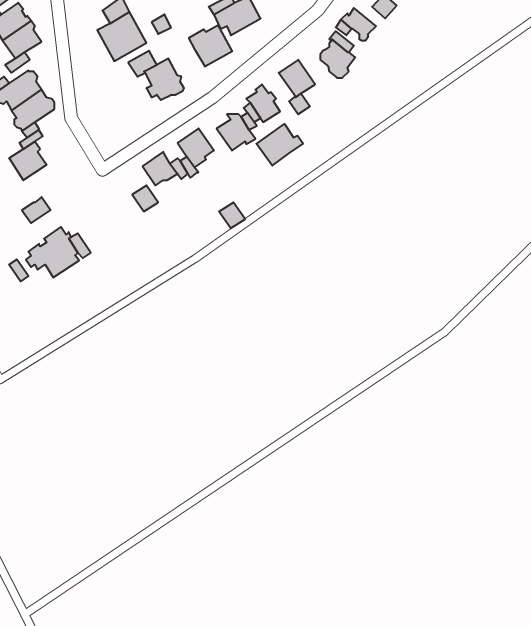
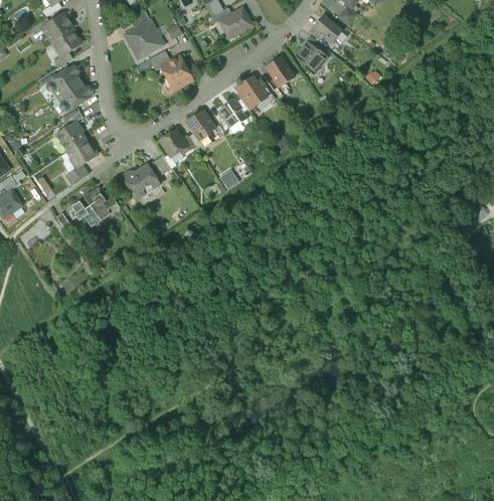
building: [189,25,232,67] -> none
building: [256,124,303,166] -> none
building: none -> [67,139,98,168]
building: none -> [124,165,165,205]

